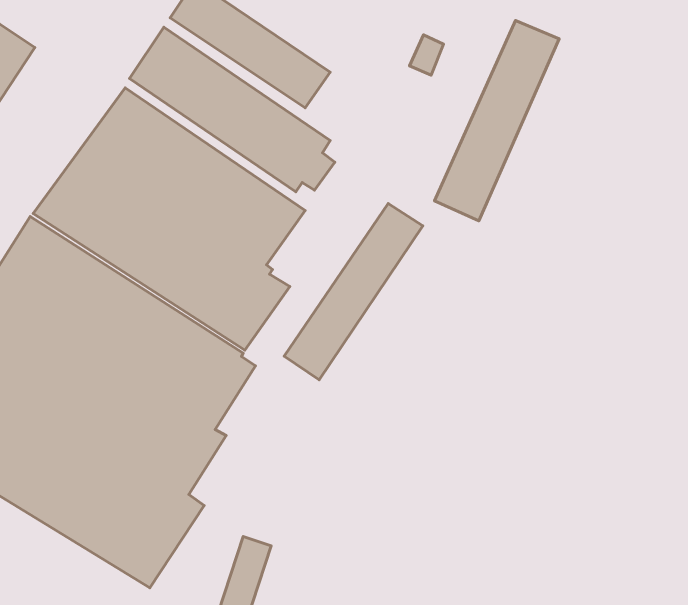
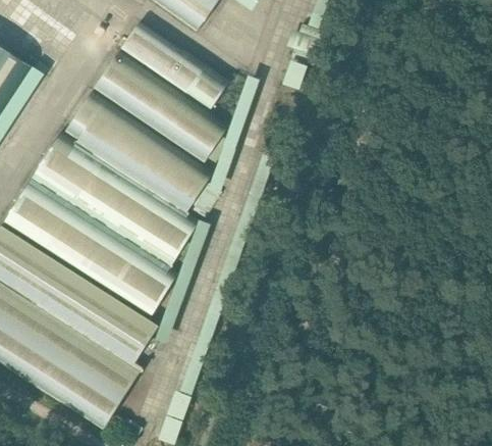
building: [434,21,559,221] -> none
building: [284,203,423,380] -> none

